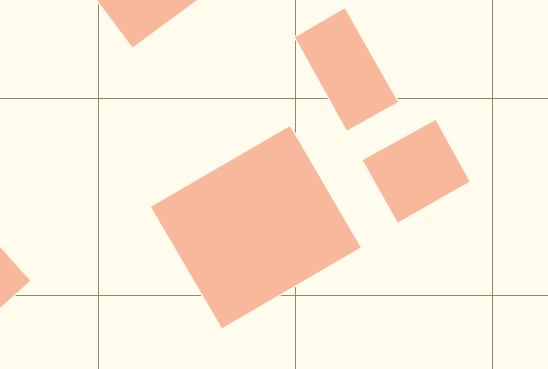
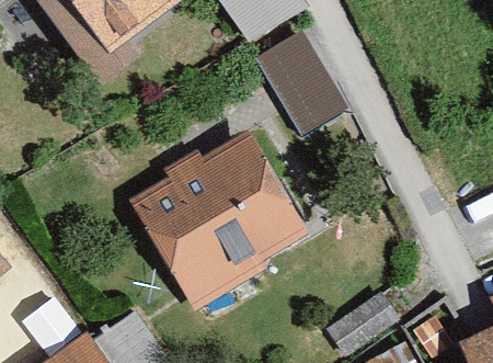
building: [362,119,471,223] -> none

